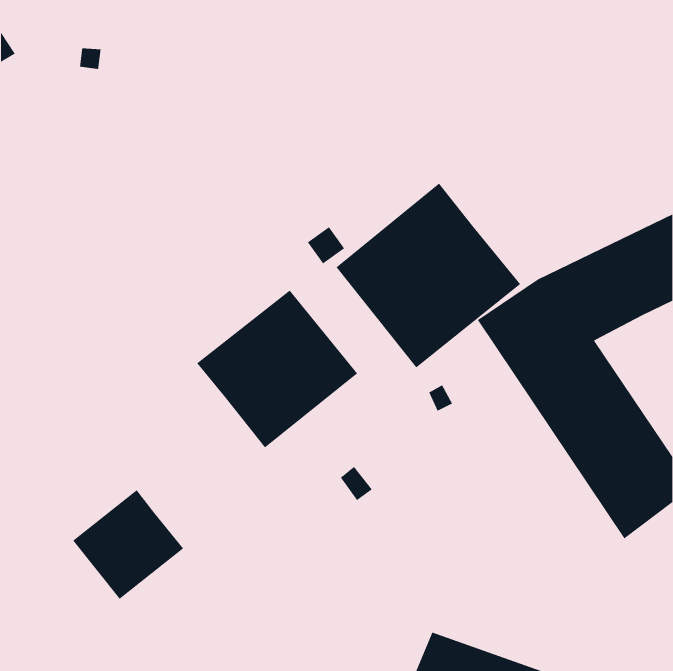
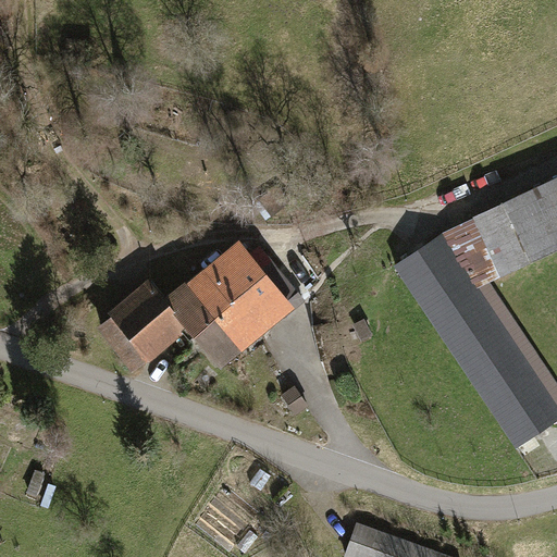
building: [336,183,521,368] -> none
building: [72,489,184,600] -> [94,282,186,373]

